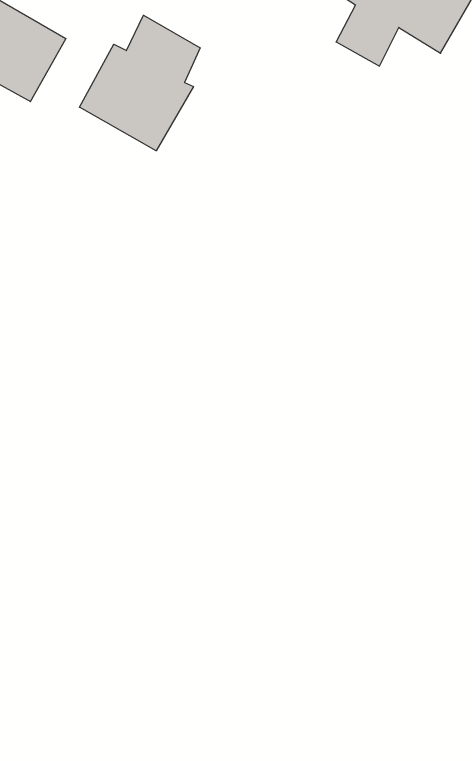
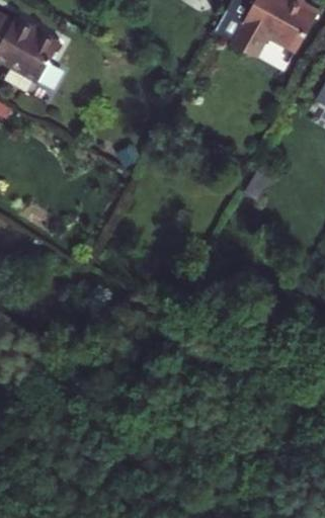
building: [79,15,200,151] -> none

